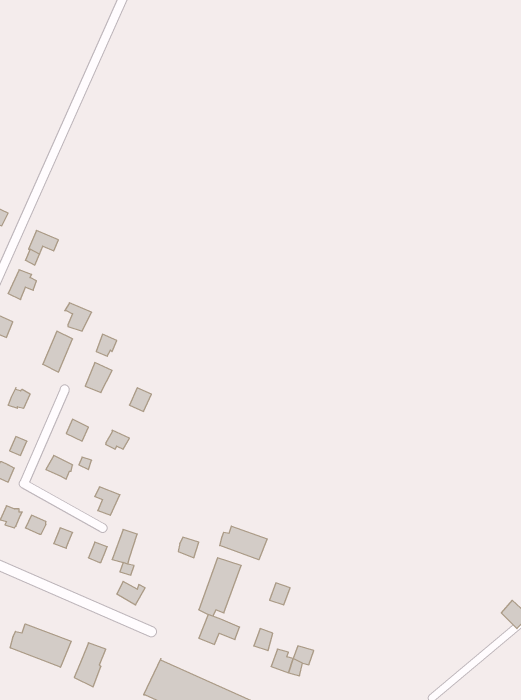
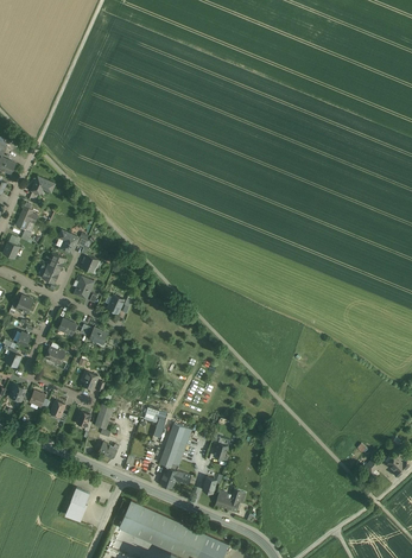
building: [220,526,267,560] -> none
building: [10,624,71,667] -> none

